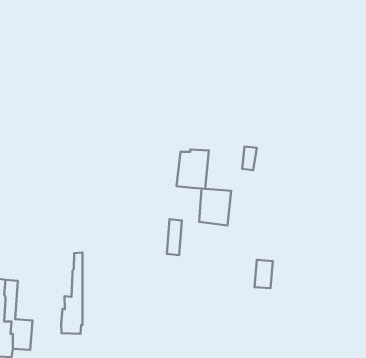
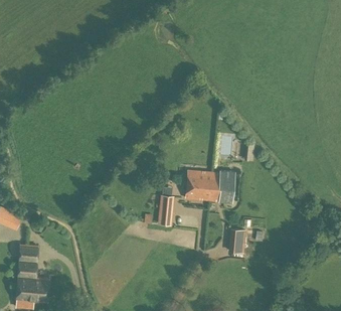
building: [177,149,209,189] -> [208,170,234,202]
building: [61,253,82,334] -> none

